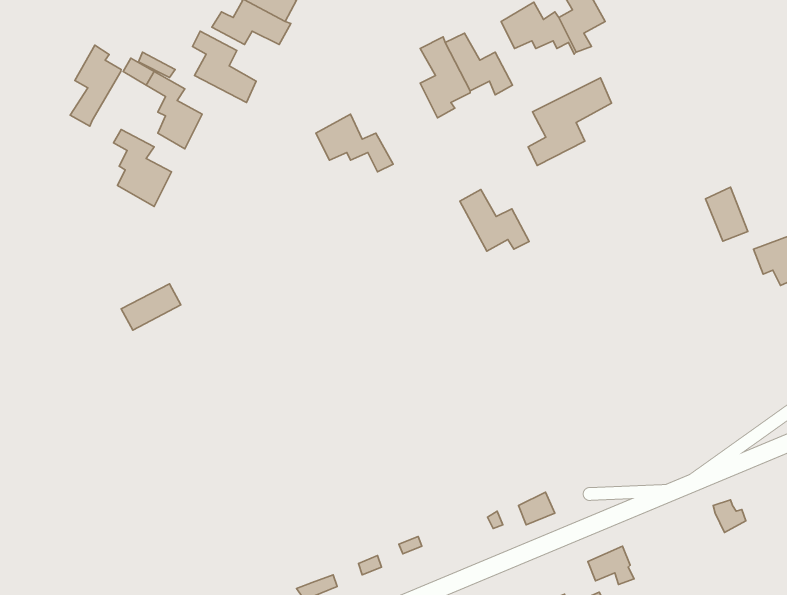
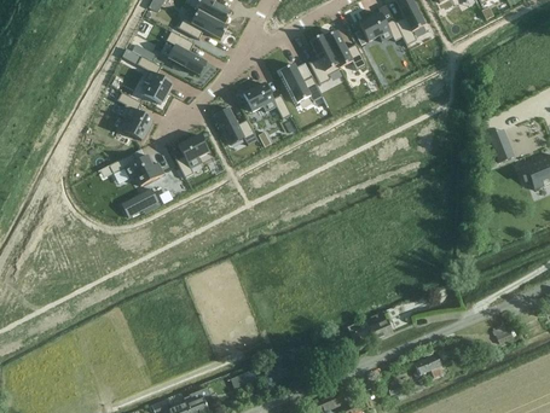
building: [70,45,121,126] -> none
building: [528,78,612,165] -> none
building: none -> [215,107,257,145]
building: [460,189,529,251] -> [279,64,323,103]
building: none -> [175,134,208,178]
building: none -> [109,152,163,185]

